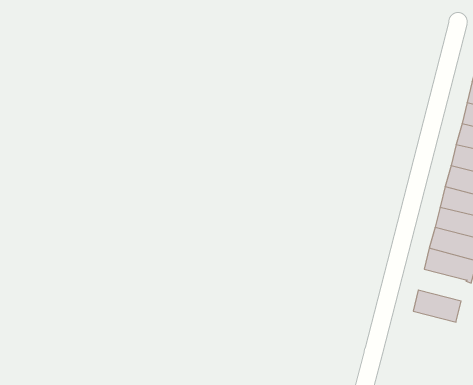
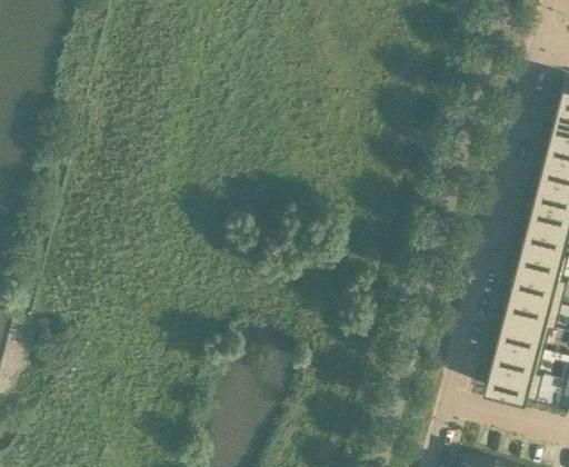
building: none -> [497,321,551,357]
building: none -> [485,368,545,408]

